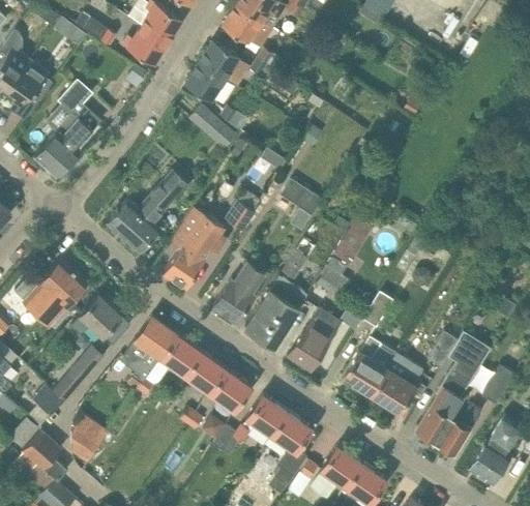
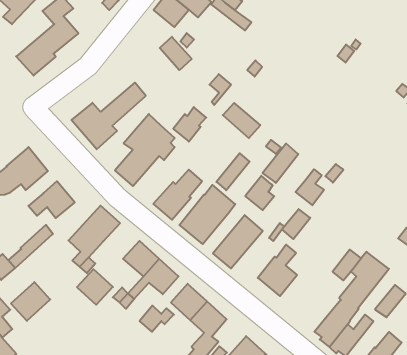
building: none -> [296,169,324,205]
building: [159,334,201,375] -> [77,269,113,305]
building: [370,354,423,413] -> none

